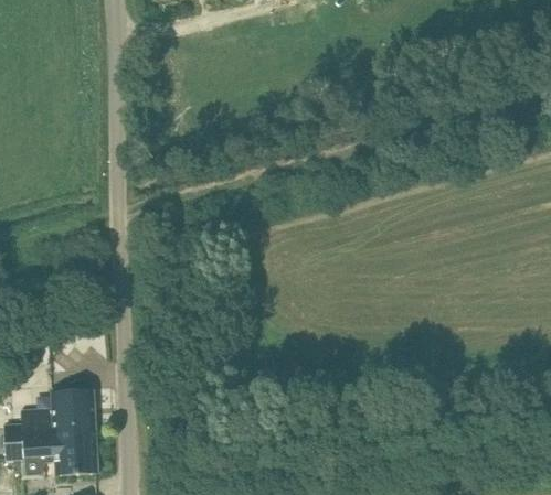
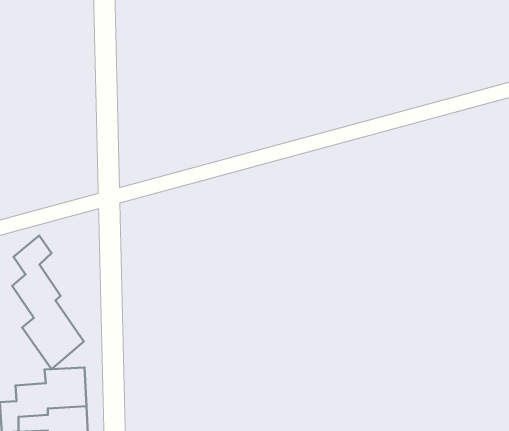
building: none -> [12,235,84,369]

